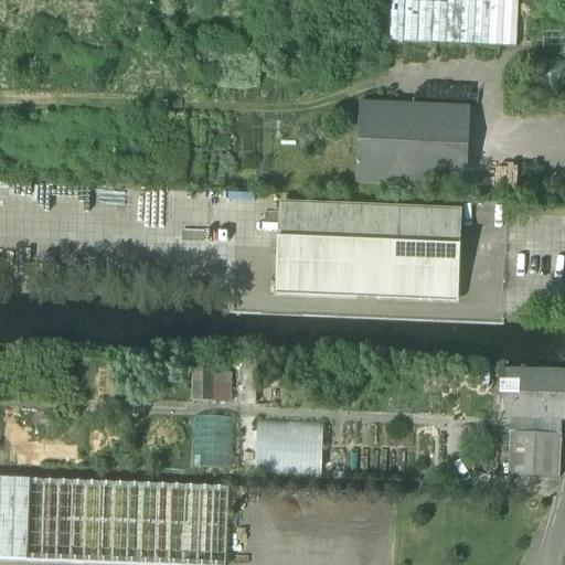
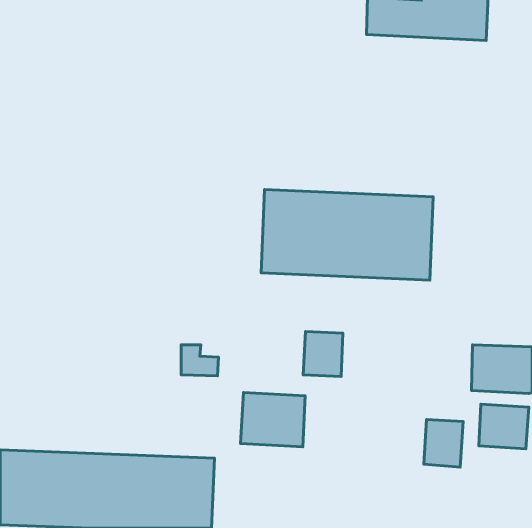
building: [354,98,469,183] -> none
building: none -> [303,332,343,376]
building: none -> [424,420,463,467]

